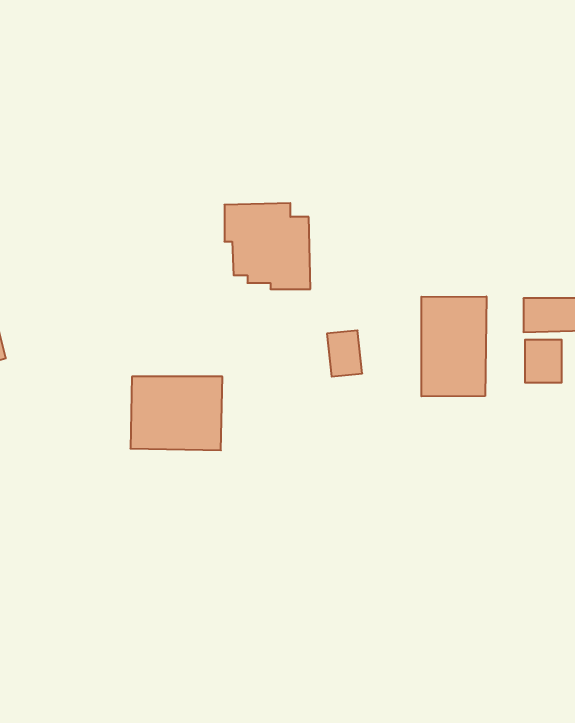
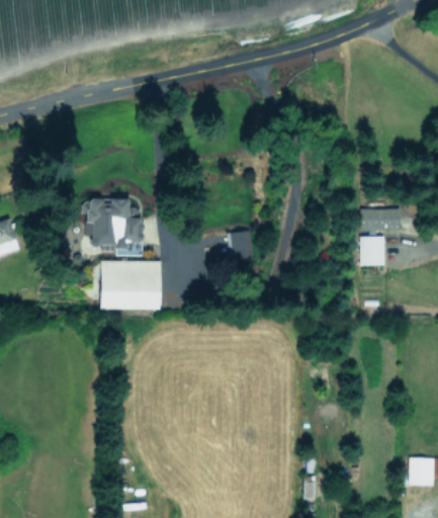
building: [224,203,310,289] -> [86,198,143,255]
building: [421,296,486,396] -> none

